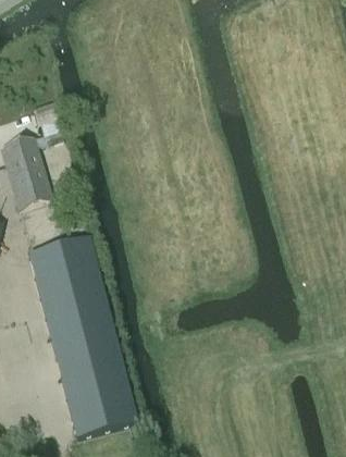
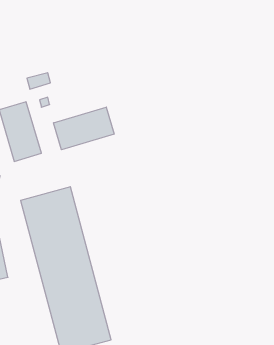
building: none -> [54,107,114,150]

